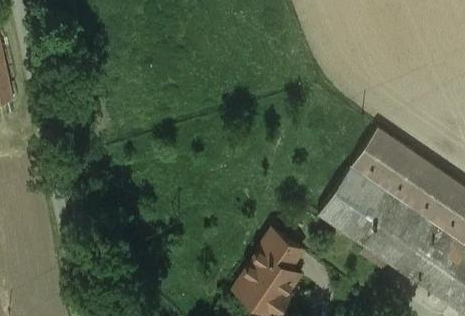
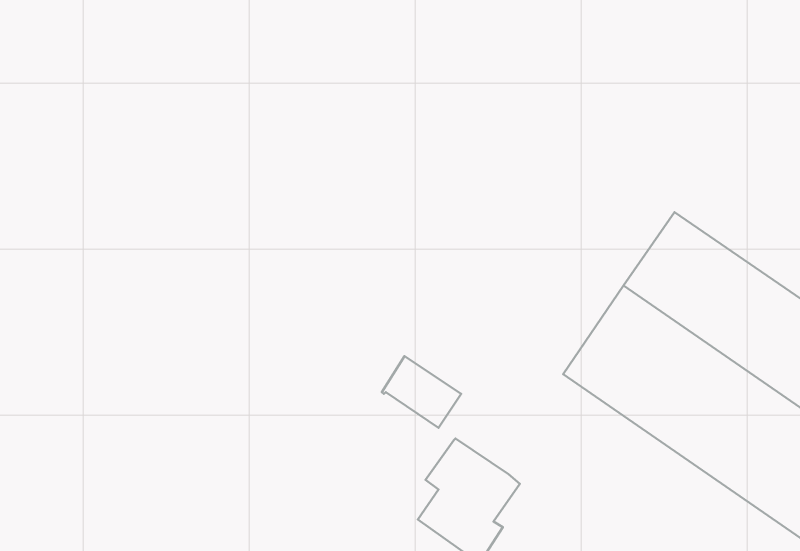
building: [259,231,301,269] -> [382,356,461,428]

